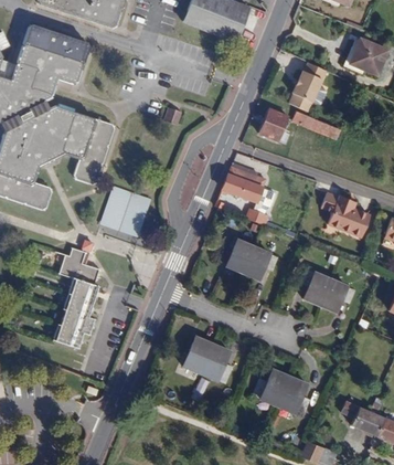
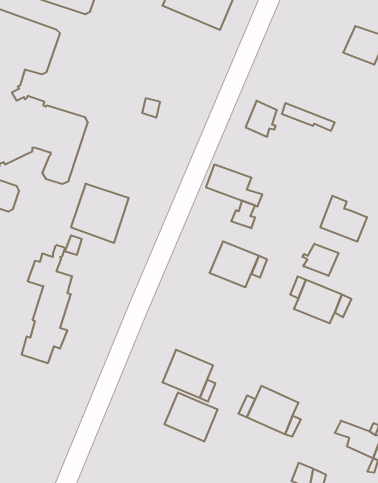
building: [289,63,327,112] -> none
building: none -> [302,244,338,276]
building: none -> [165,392,218,442]

